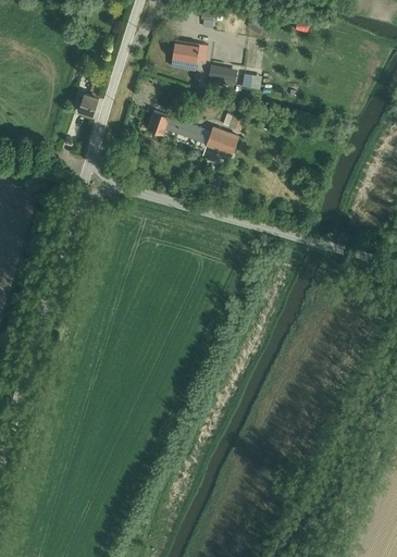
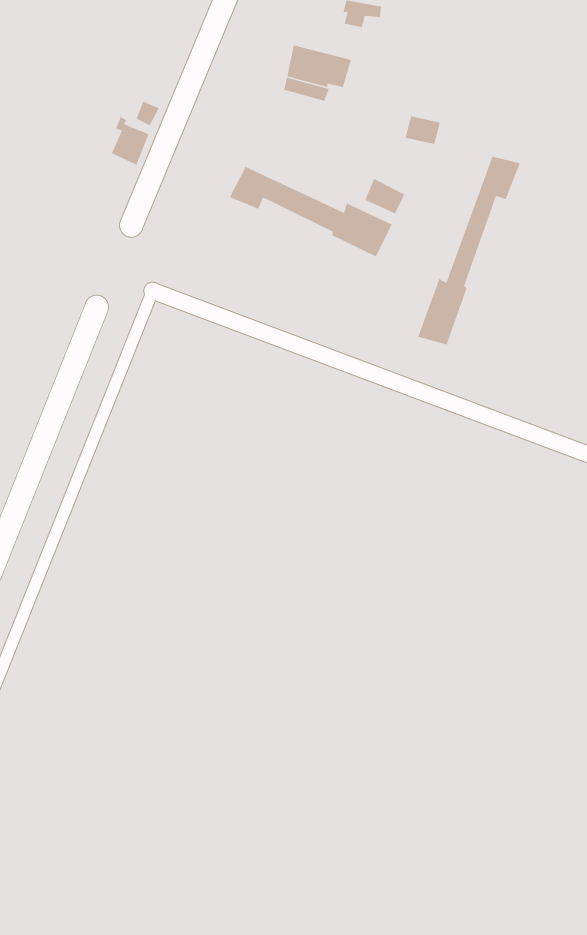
building: [208,65,237,86] -> none
building: none -> [417,156,521,346]

